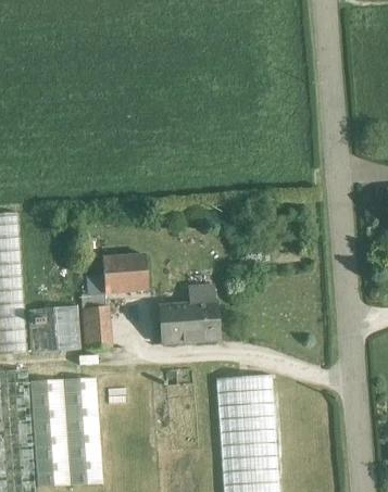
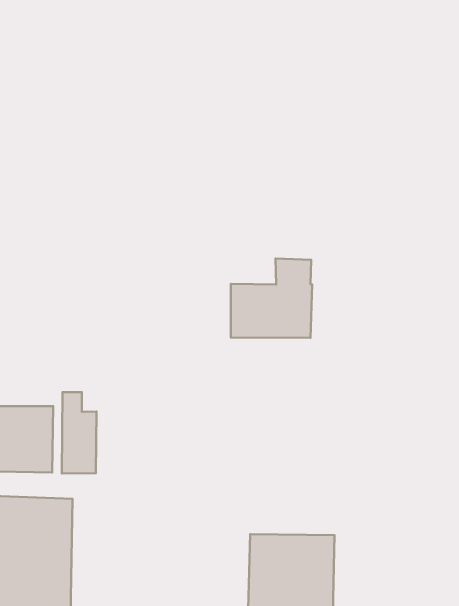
building: [103,250,150,290] -> none
building: [161,288,217,344] -> [231,258,312,338]

